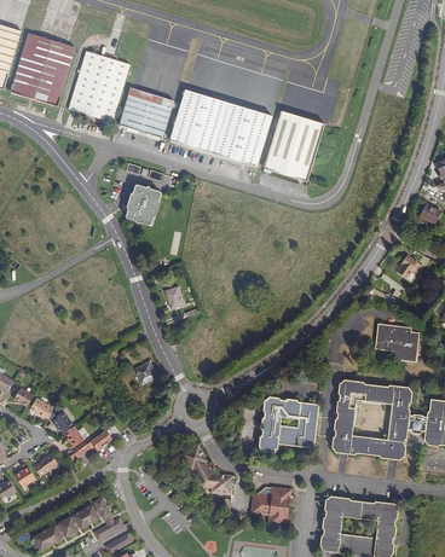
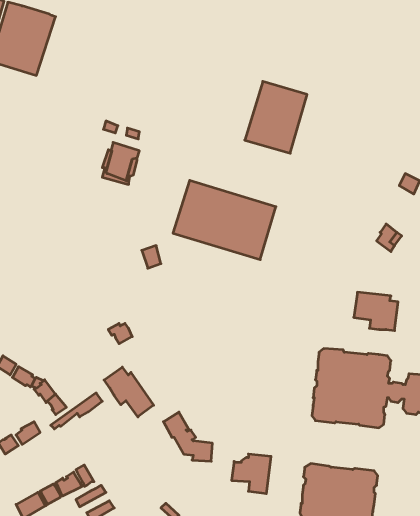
building: [64,48,128,121] -> none
building: [117,86,173,137] -> none
building: [168,87,272,167] -> [173,180,276,260]
building: [258,395,319,452] -> none
building: none -> [104,367,154,417]

